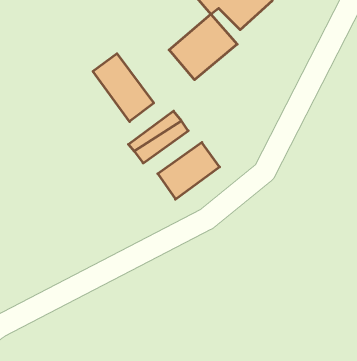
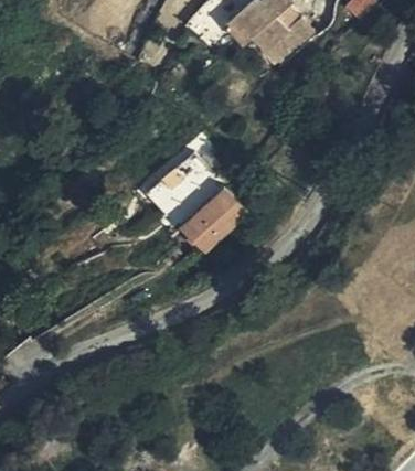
building: [169,14,237,80] -> none
building: [93,54,154,122] -> none

